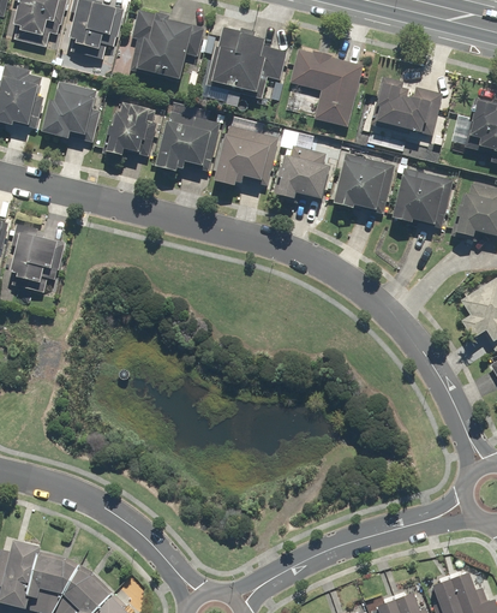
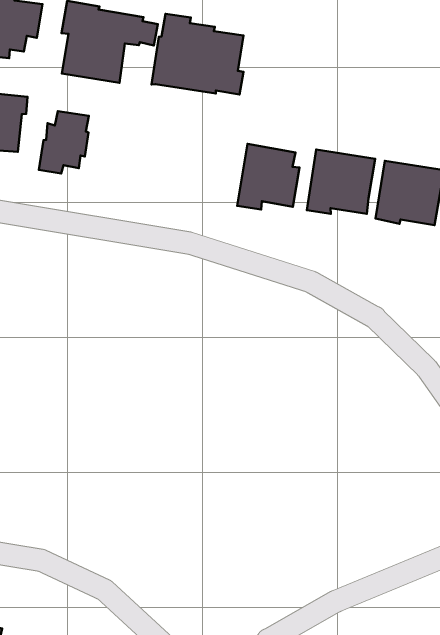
building: [292,48,363,126] -> none
building: [373,75,443,135] -> none
building: [152,109,226,177] -> none
building: [212,120,280,190] -> none

